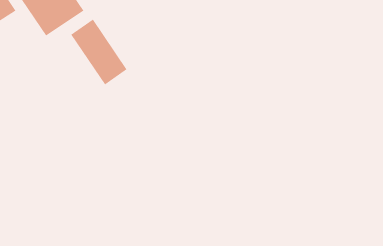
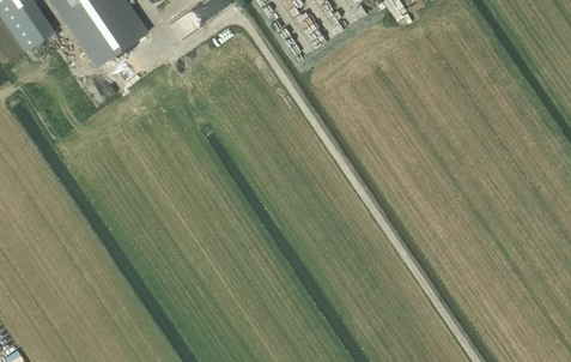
building: [70,19,127,85] -> none

